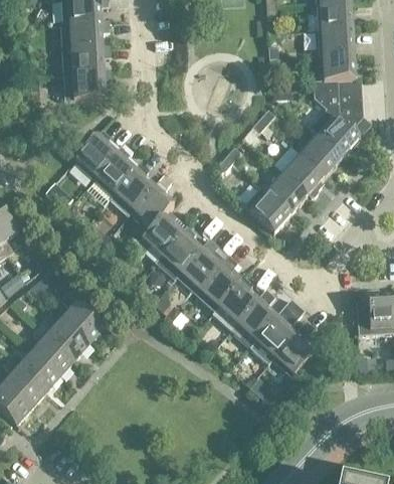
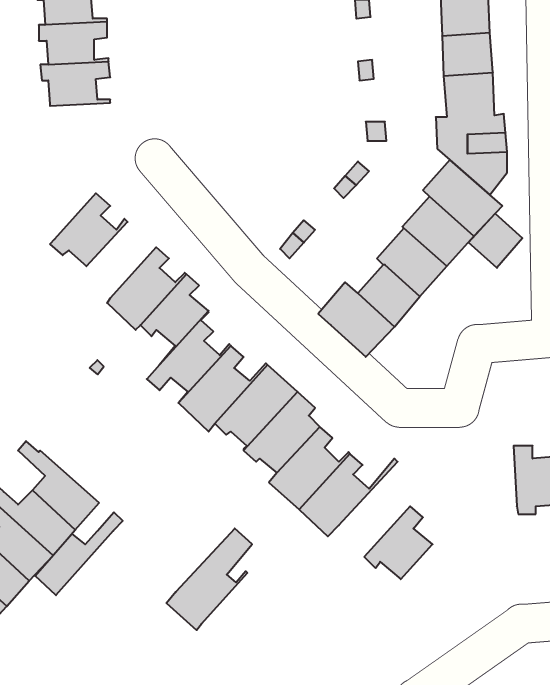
building: [68,72,112,101] -> none
building: none -> [469,214,522,268]
building: [91,148,140,196] -> none
building: [249,300,304,364] -> [166,528,252,630]
building: none -> [35,512,123,595]

